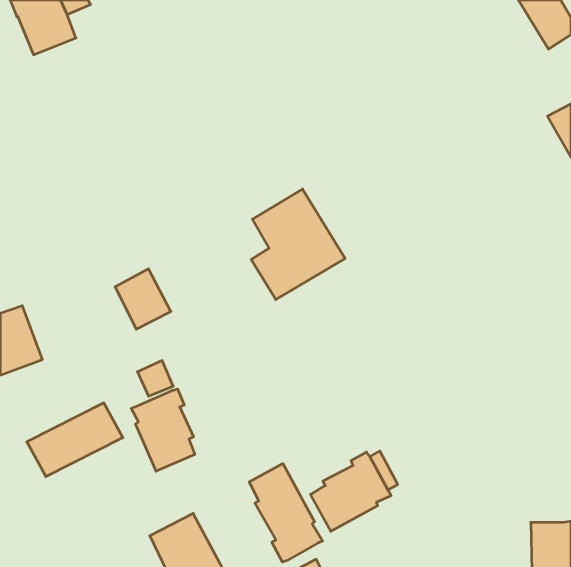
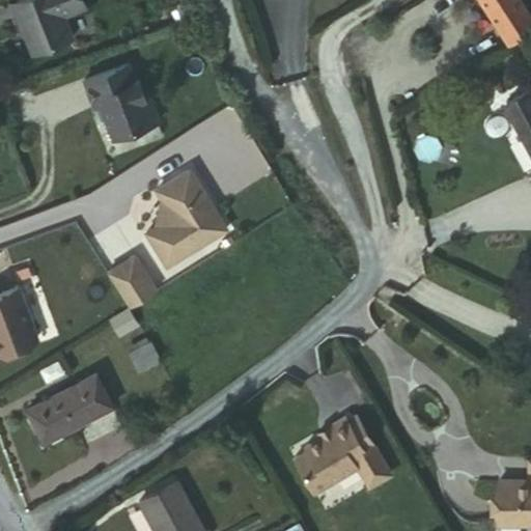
building: none -> [83,62,156,139]
building: [251,189,345,300] -> [144,166,231,269]
building: [131,389,195,471] -> none
building: [249,464,323,562] -> none

